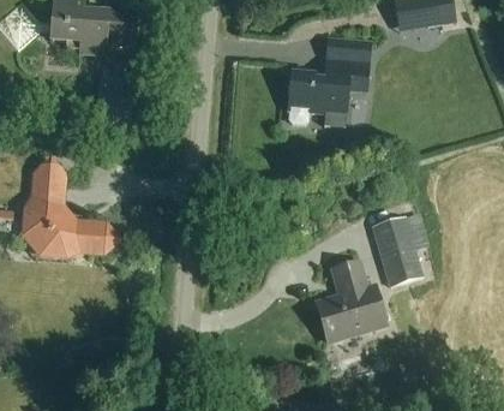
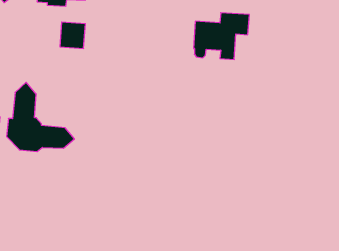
building: [372,216,422,286] -> none
building: [317,261,386,342] -> none

